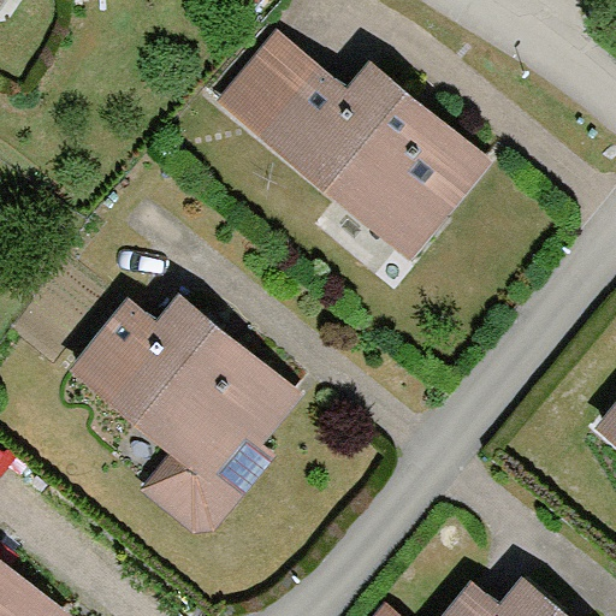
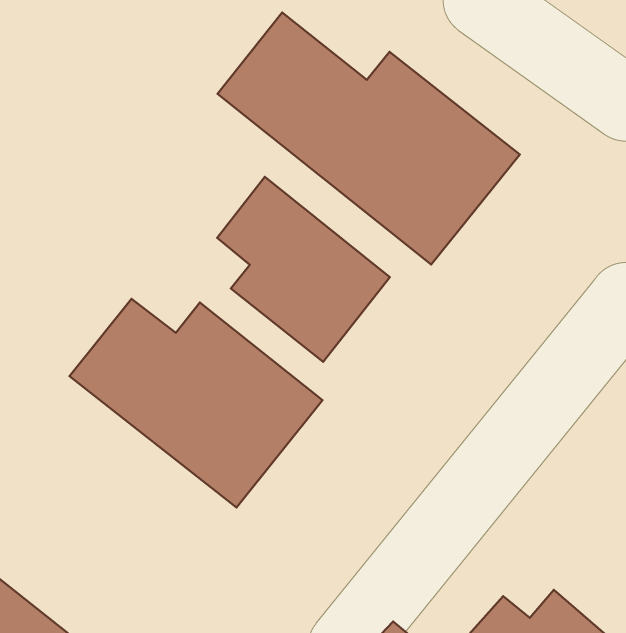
building: none -> [217,177,390,362]

